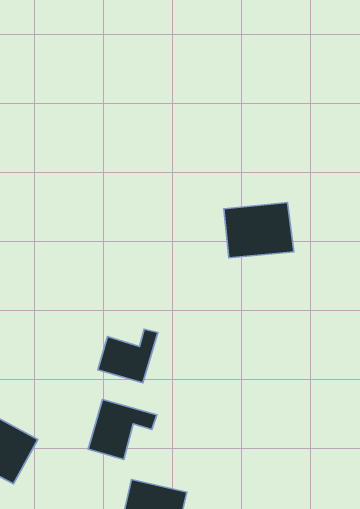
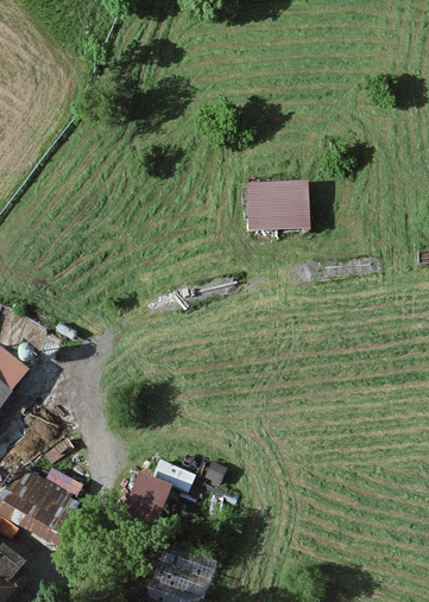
building: [224,203,294,258] -> [248,191,314,241]
building: [98,329,158,383] -> none

